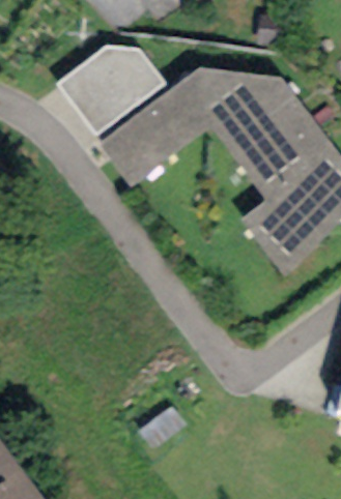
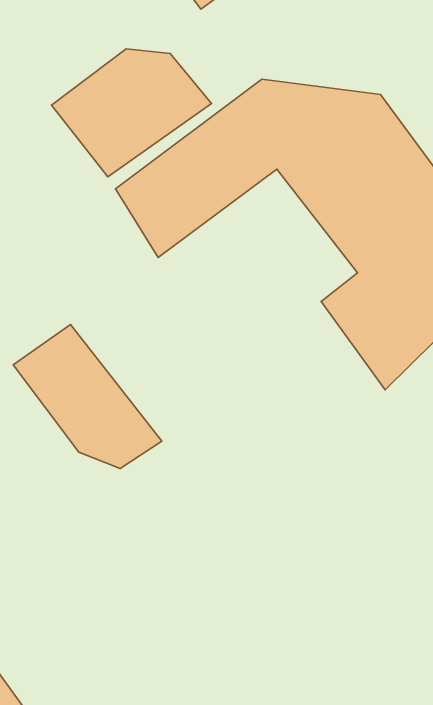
building: none -> [13,324,162,469]

